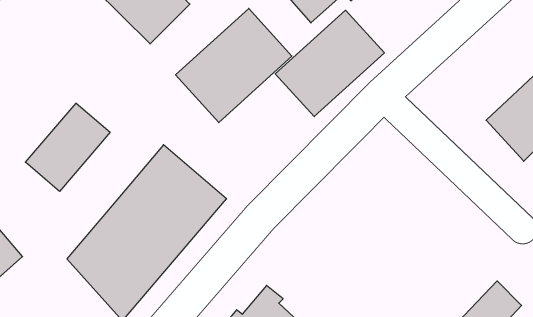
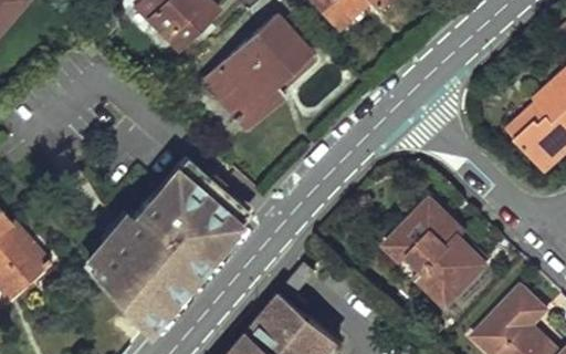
building: [275,10,384,117] -> none
building: [25,103,110,191] -> none
building: none -> [384,198,489,303]

